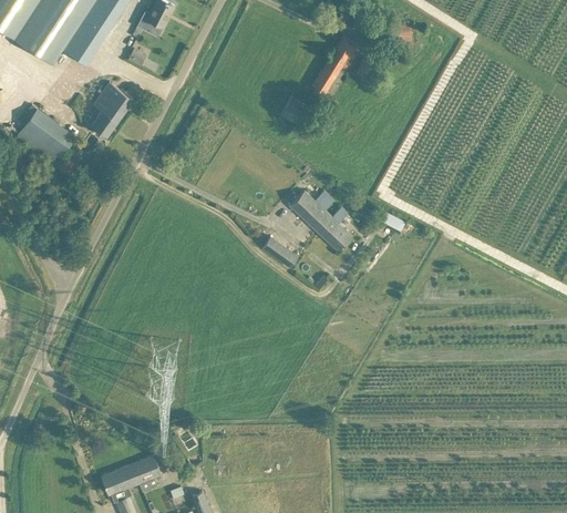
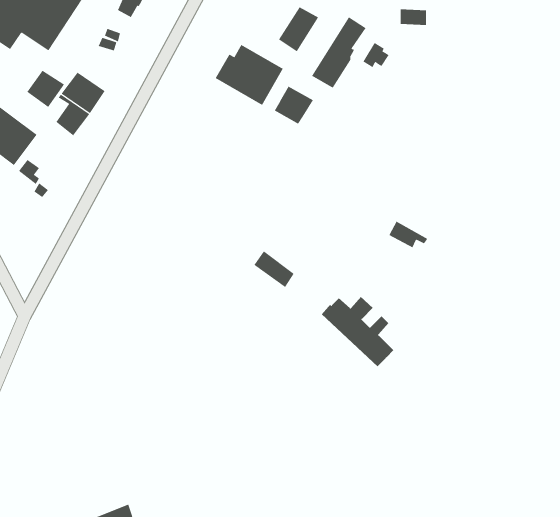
building: none -> [278,7,319,52]
building: none -> [215,44,283,106]
building: none -> [27,70,65,108]
building: [289,189,352,250] -> [321,296,394,367]

